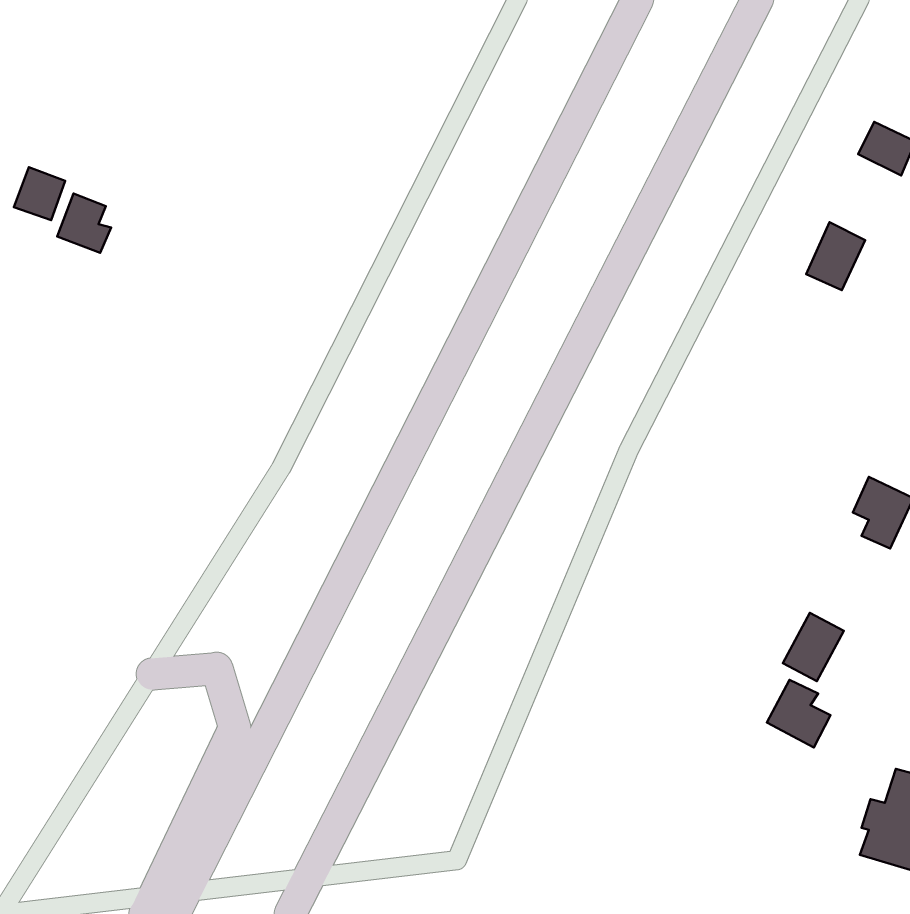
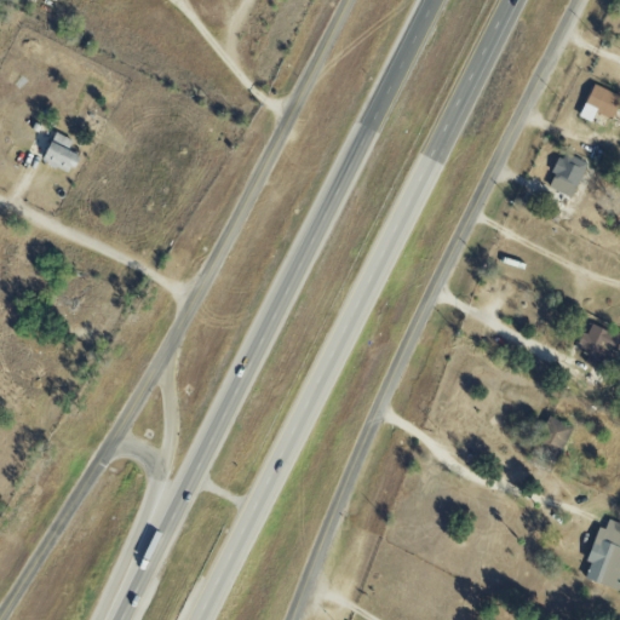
building: [14,167,65,220] -> none
building: [767,680,830,748] -> none

